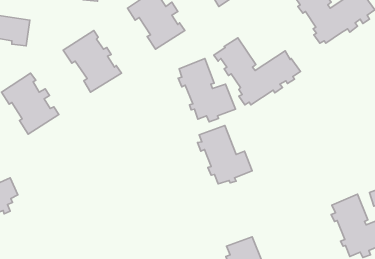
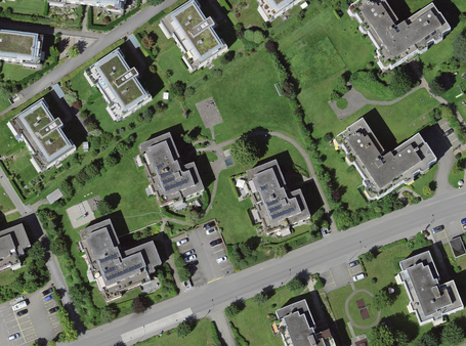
building: [214,38,300,105] -> [337,112,440,191]
building: [178,58,236,122] -> [137,130,206,206]
building: none -> [78,218,160,301]

